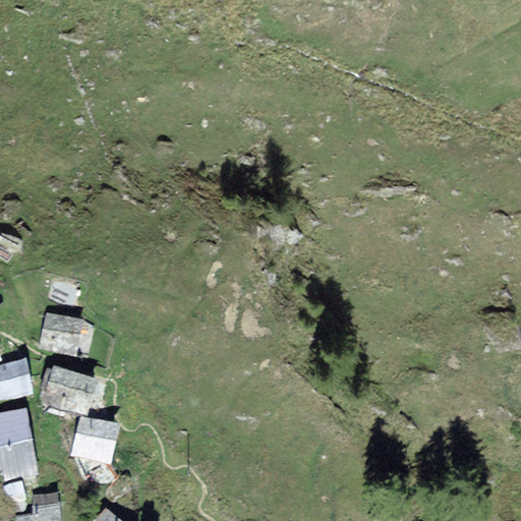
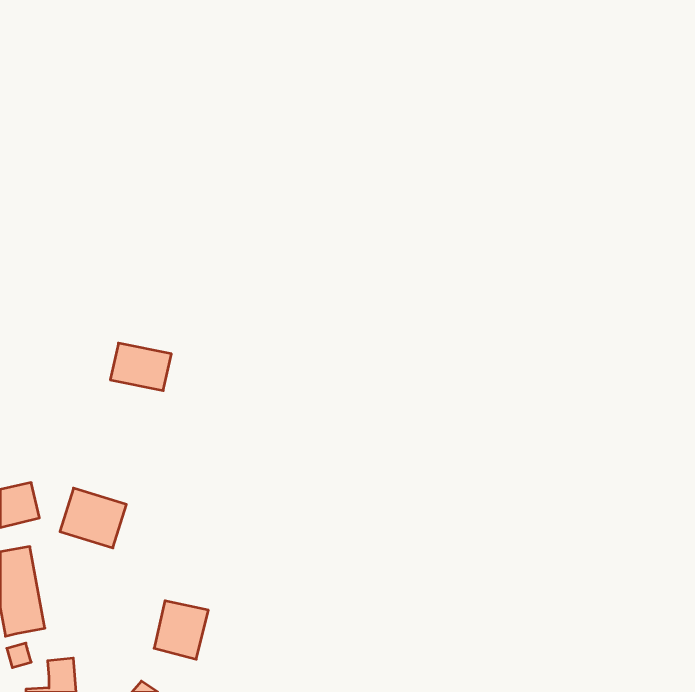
building: [43,315,89,351] -> [110,343,171,391]
building: [74,416,115,460] -> [154,601,208,659]

